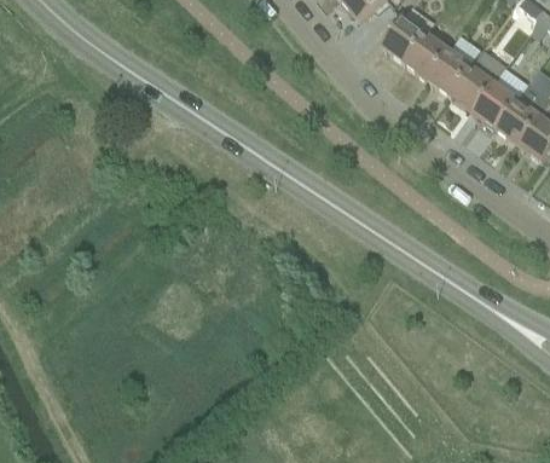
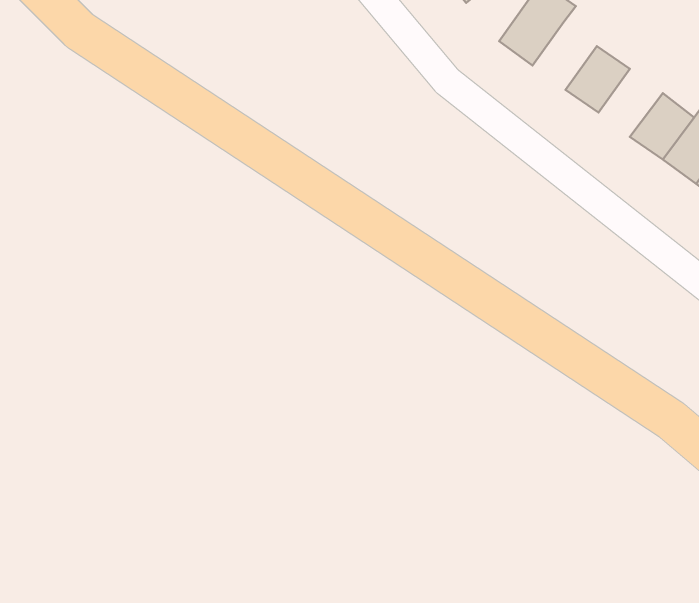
building: [404,33,448,80] -> none
building: [450,52,504,112] -> none

